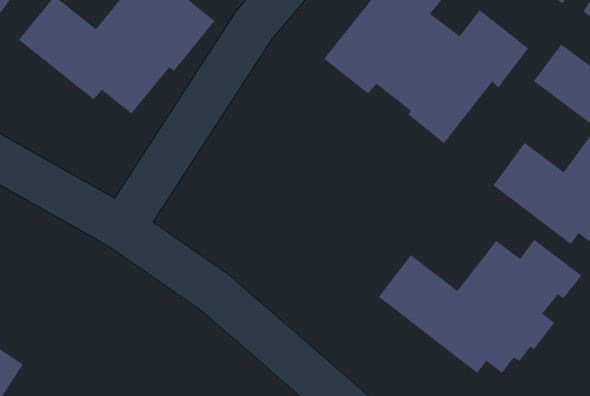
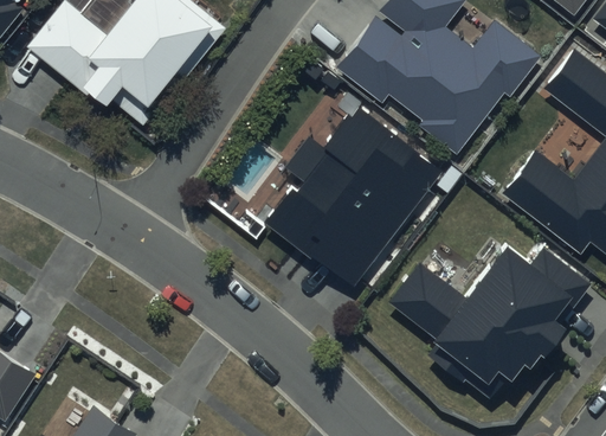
building: none -> [266,108,444,289]

